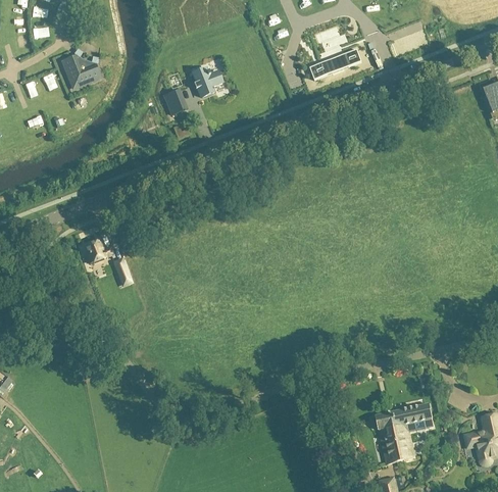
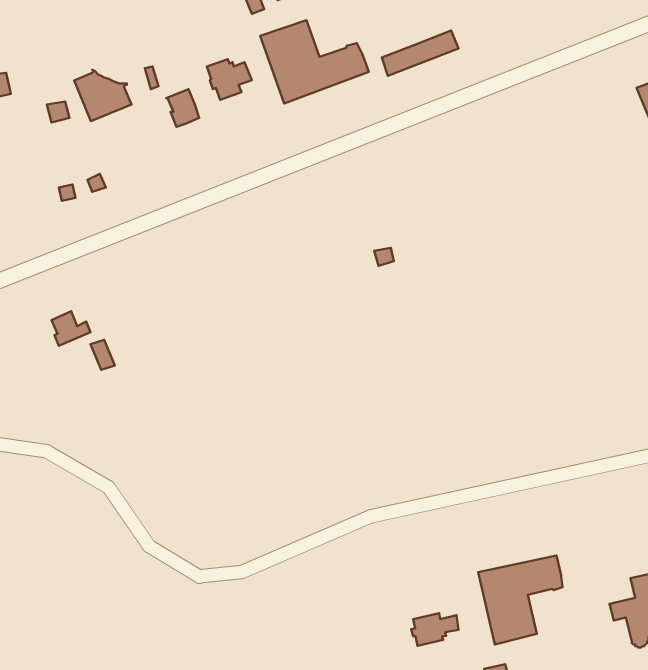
building: none -> [260,20,369,103]
building: [61,52,100,87] -> [74,70,131,121]
building: none -> [411,613,459,646]

